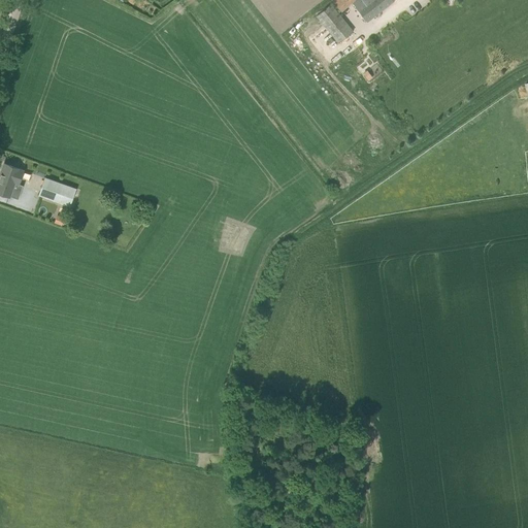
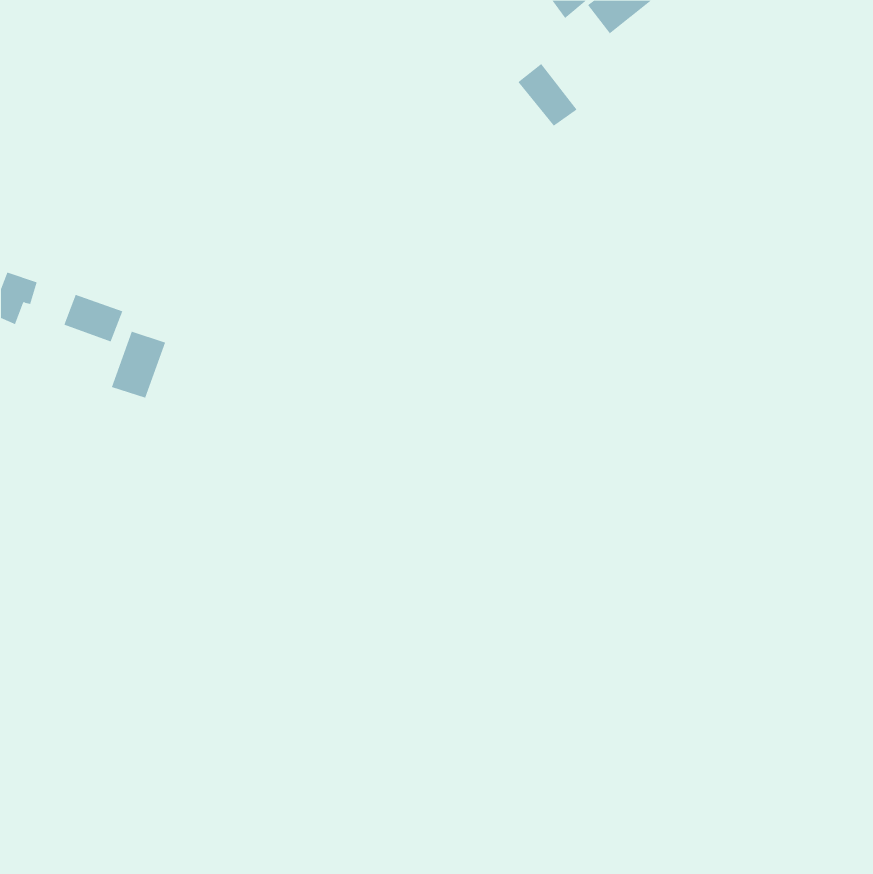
building: [318,4,354,42] -> [518,63,578,126]
building: none -> [111,331,166,399]

